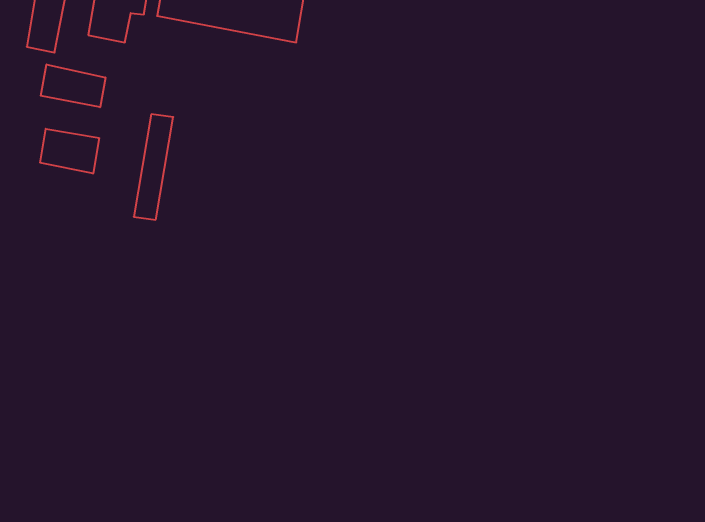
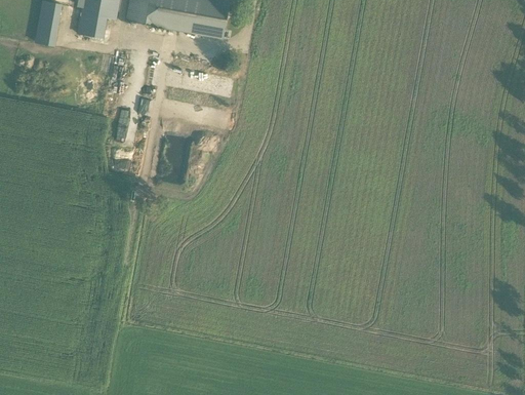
building: [41,64,105,107] -> none
building: [40,129,99,174] -> none

